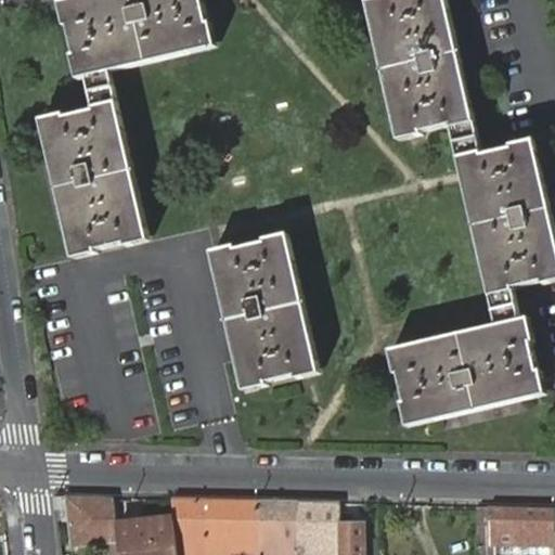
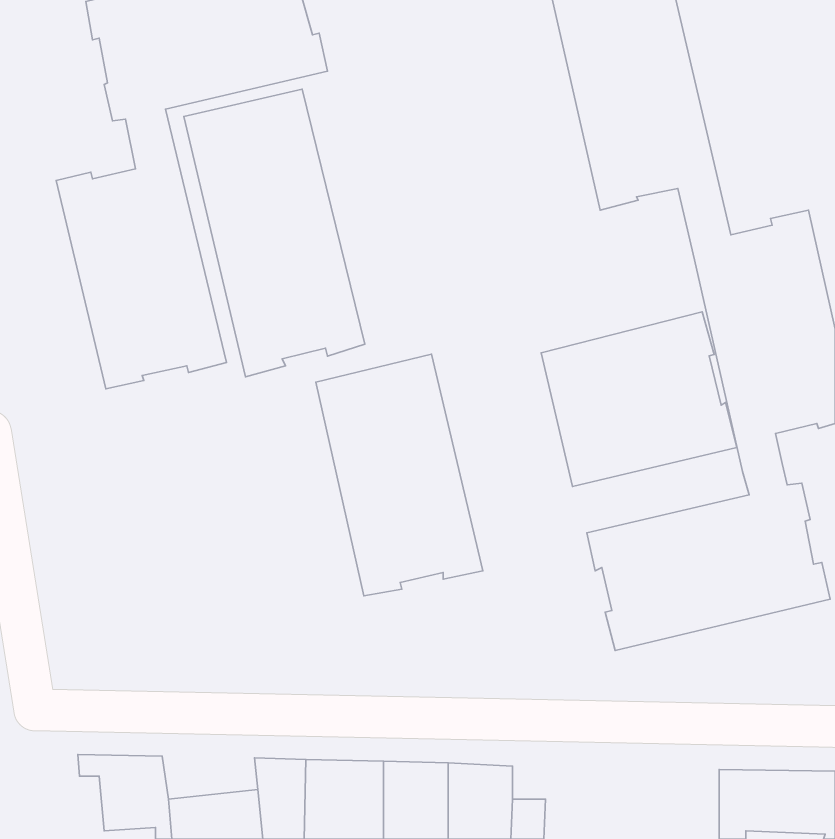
building: none -> [184,89,365,377]
building: none -> [541,312,737,487]

